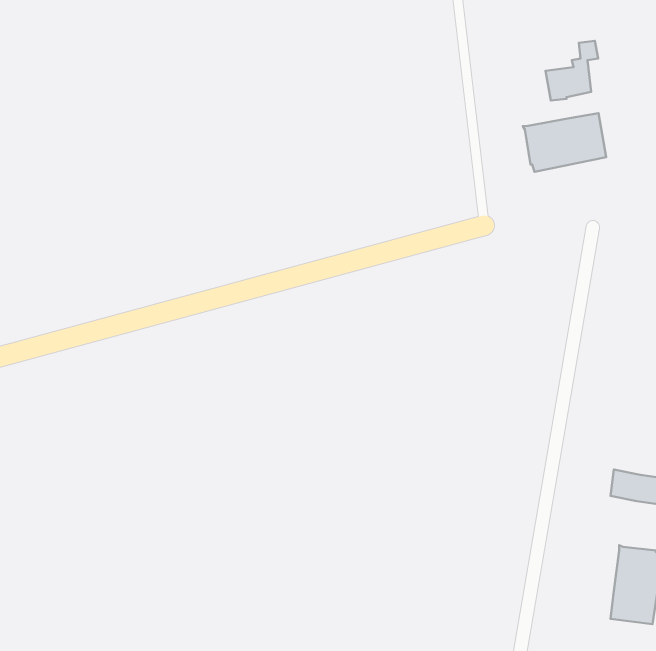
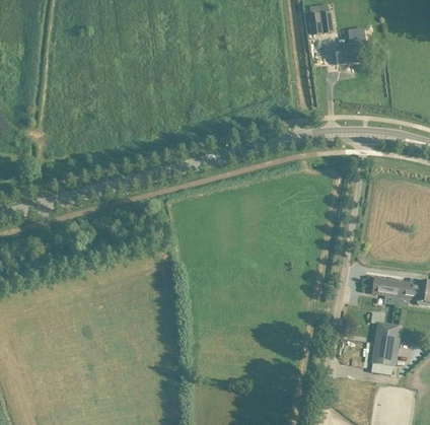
building: none -> [309,11,333,33]
building: [523,113,606,172] -> none

